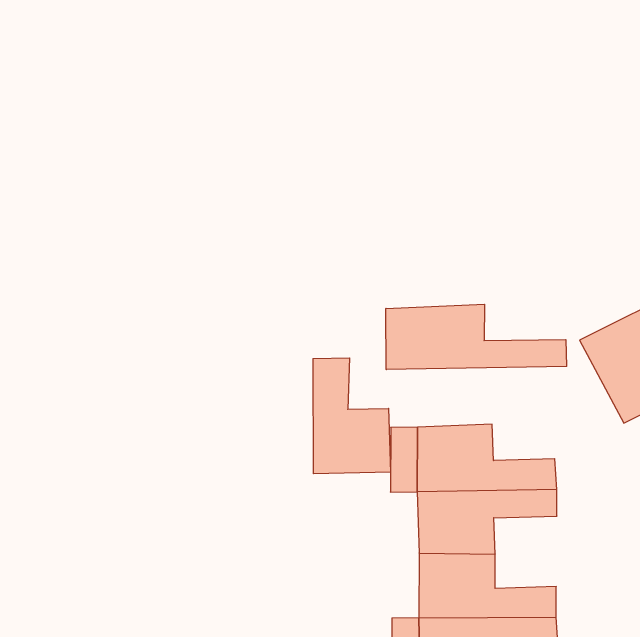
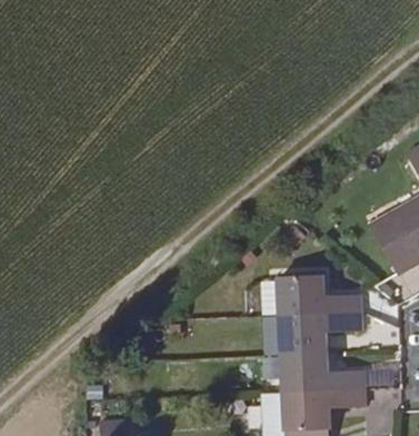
building: [386,304,567,370] -> none
building: [313,358,391,474] -> none

